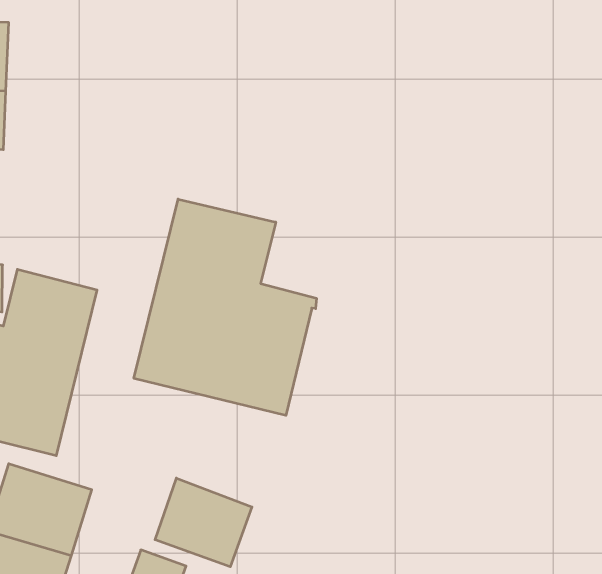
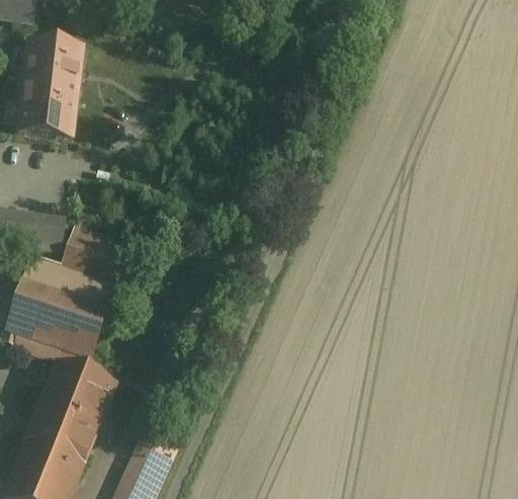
building: [134,199,316,415] -> none
building: [155,478,252,567] -> none

